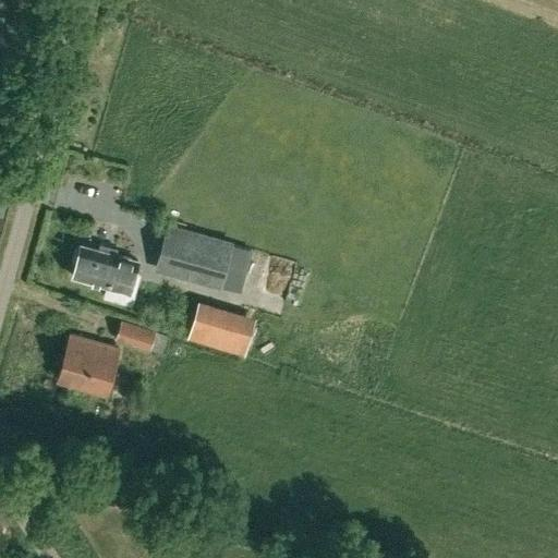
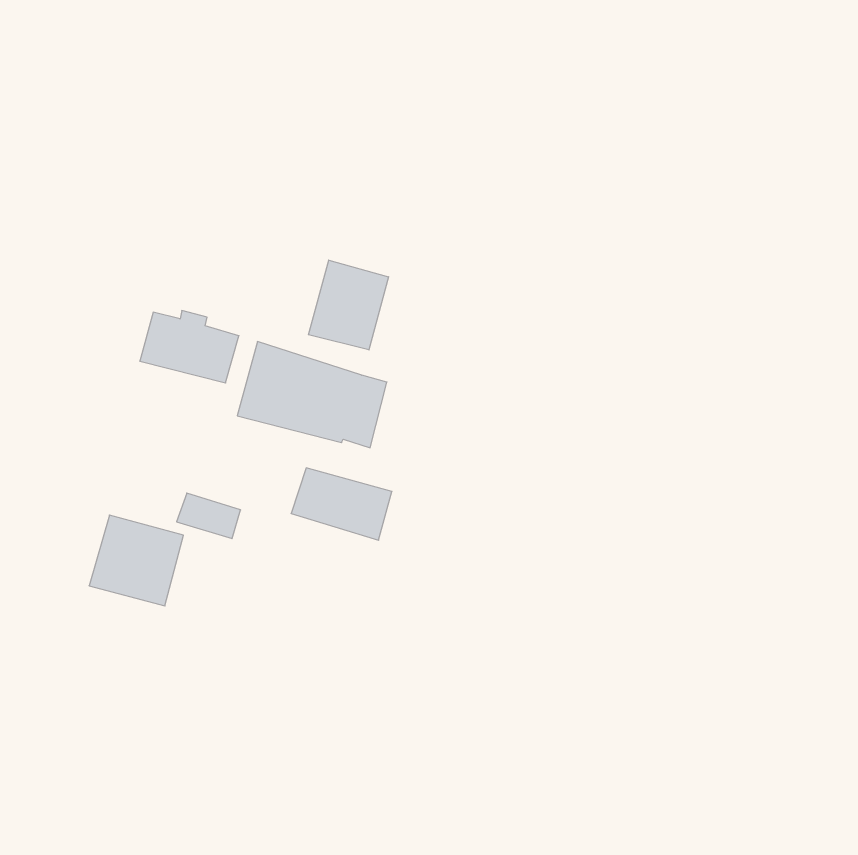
building: none -> [308,260,389,350]
building: [74,246,138,293] -> [140,311,239,383]

